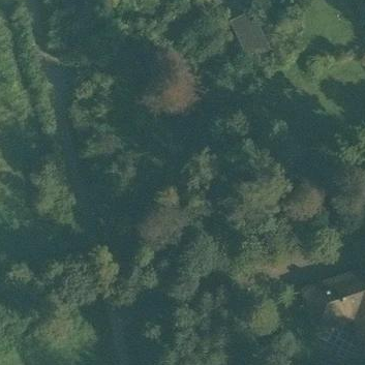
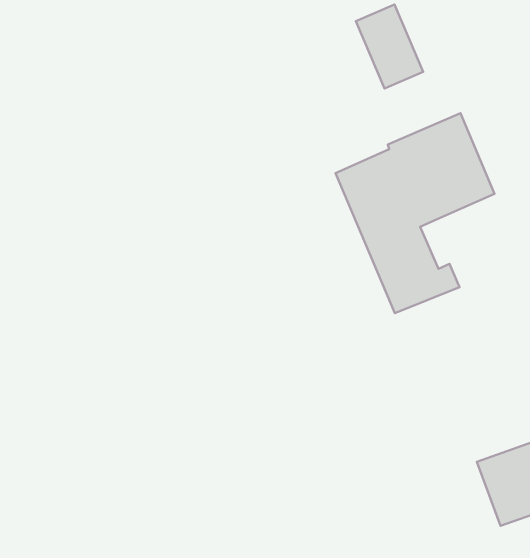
building: none -> [335,113,495,313]

